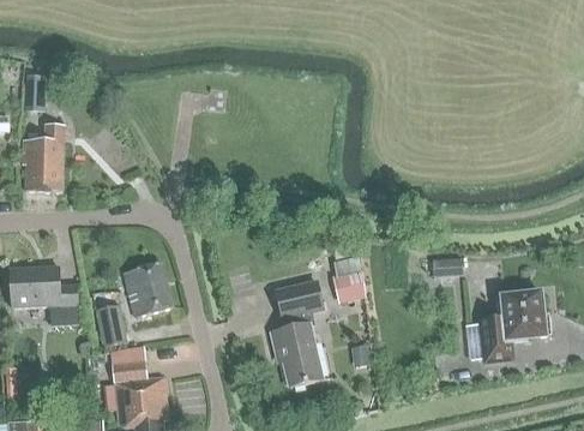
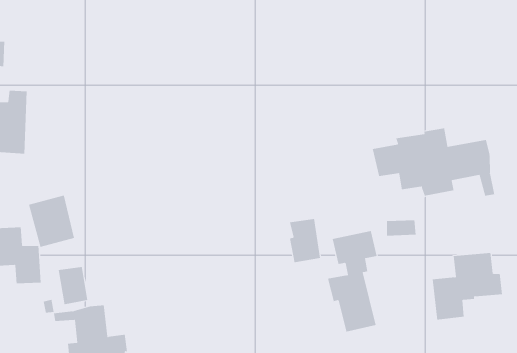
building: none -> [372,127,495,197]
building: [124,262,171,316] -> [28,195,75,248]
building: [270,281,321,385] -> [327,231,378,332]

